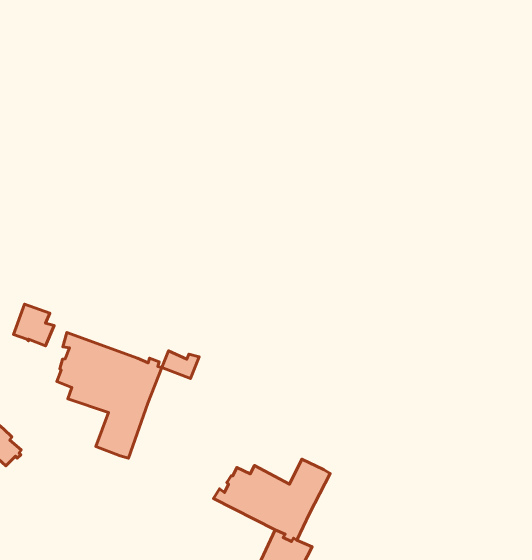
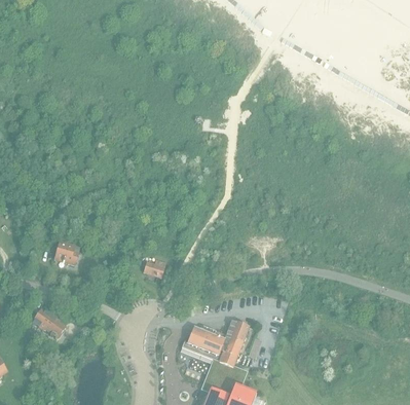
building: [57,333,162,458] -> none

